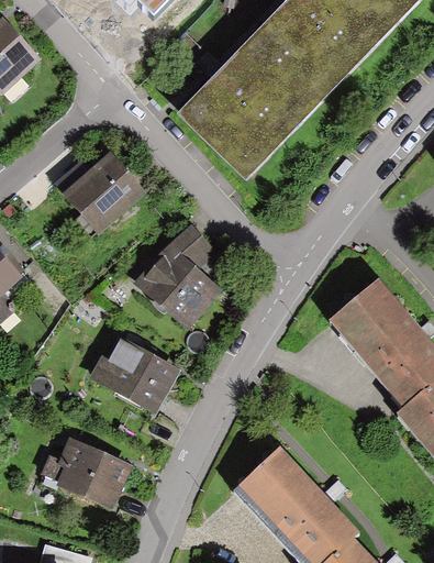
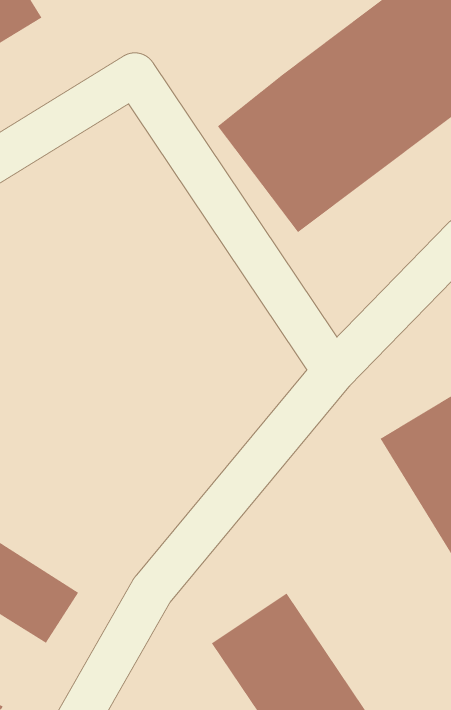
building: [60,150,146,235] -> none
building: [134,223,222,327] -> none
building: [93,339,177,413] -> none

